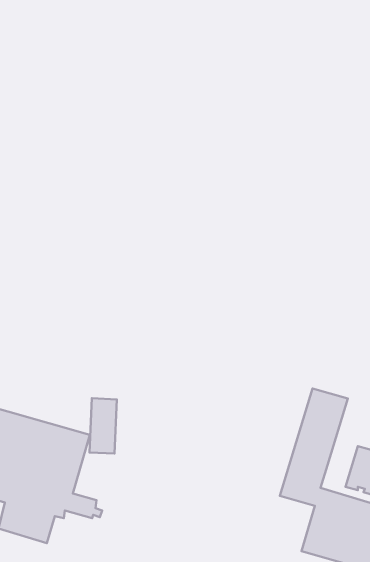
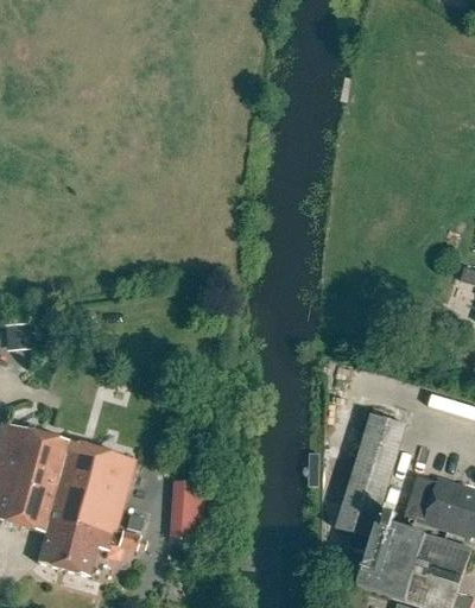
building: [90,398,117,454] -> [176,480,204,538]

